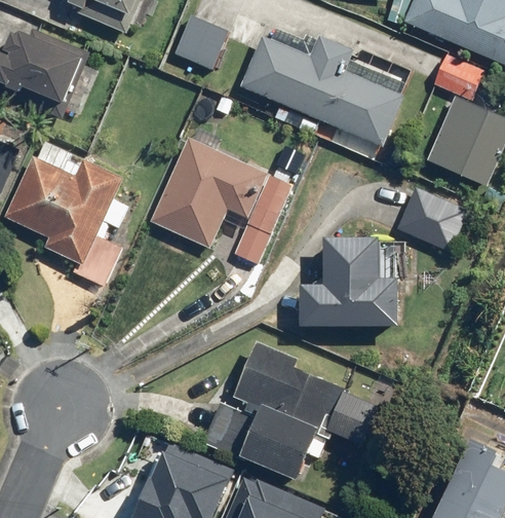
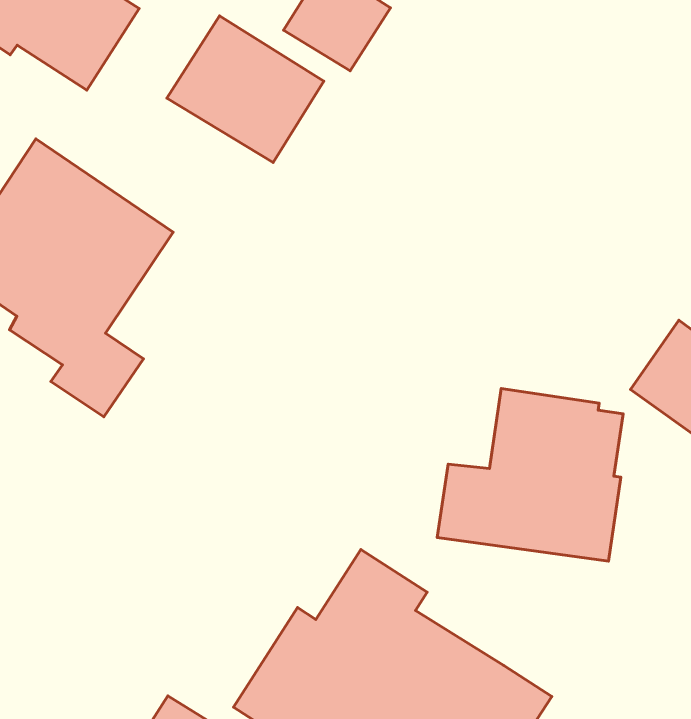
building: [238,34,404,147] -> none
building: none -> [167,16,324,163]
building: [151,138,292,263] -> none

